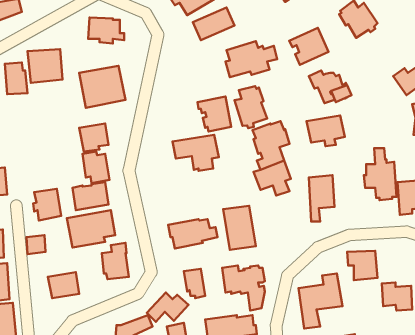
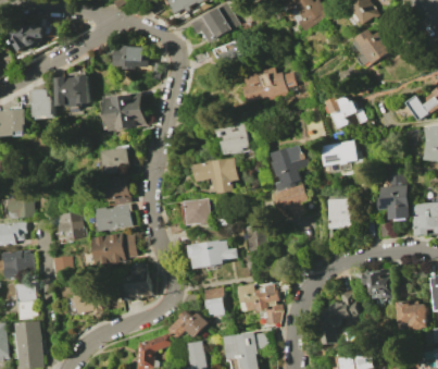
building: [289,28,328,65] -> none
building: [234,86,267,128] -> none
building: none -> [183,198,210,225]

